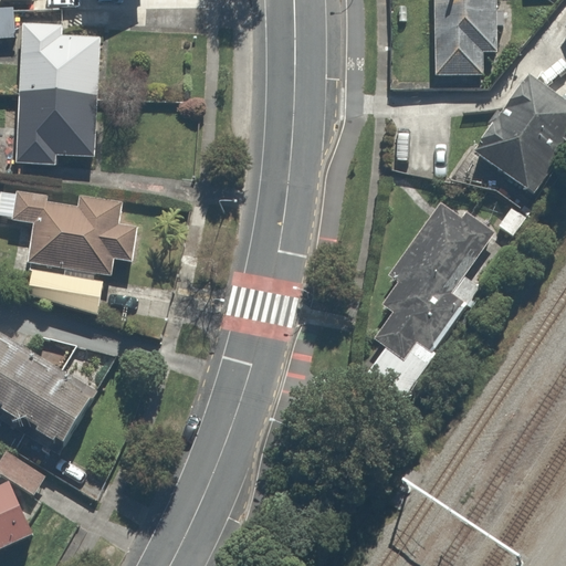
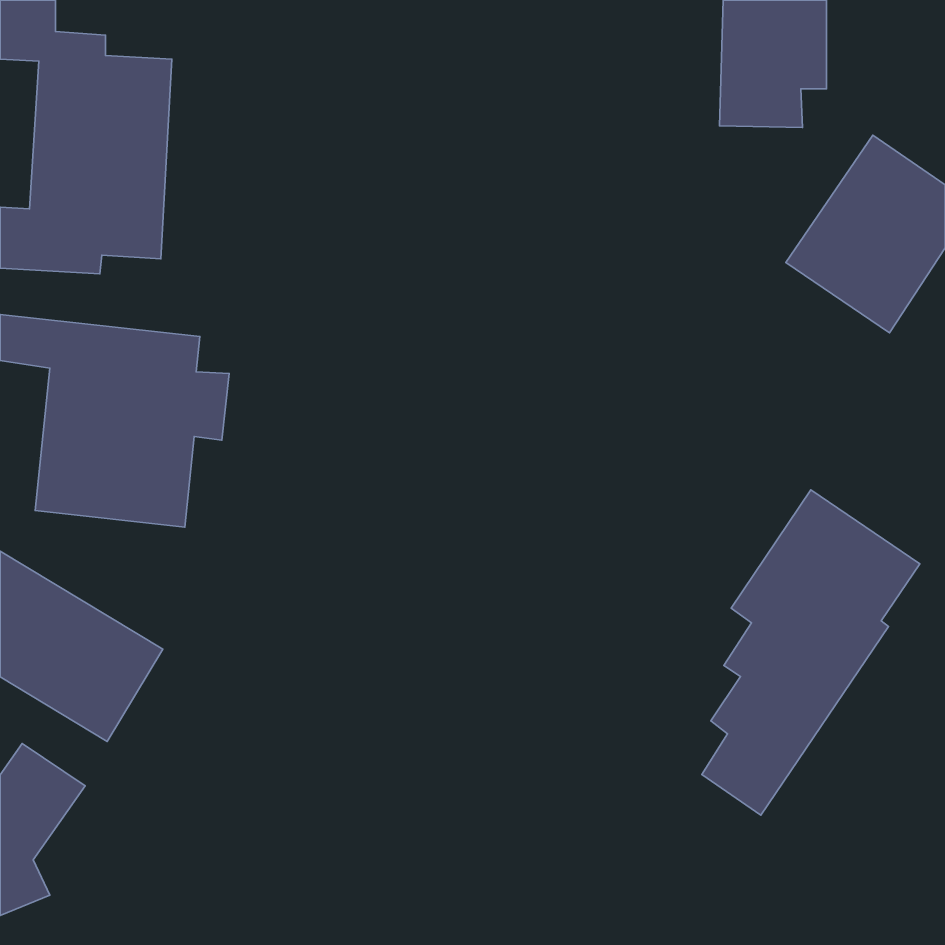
building: [364,206,494,400] -> [702,490,920,815]

